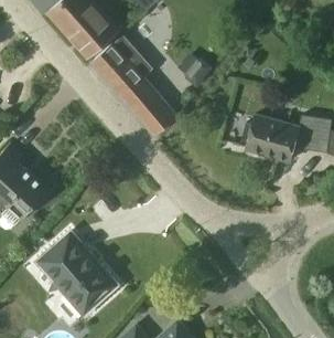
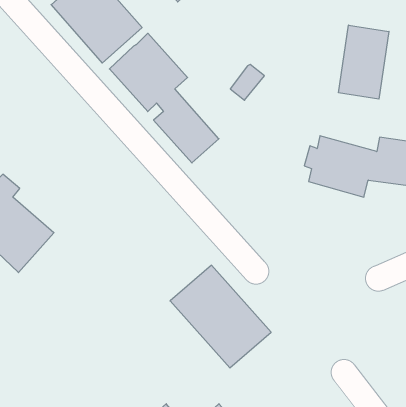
building: none -> [339,25,389,99]
building: [37,233,116,313] -> [170,265,271,368]

